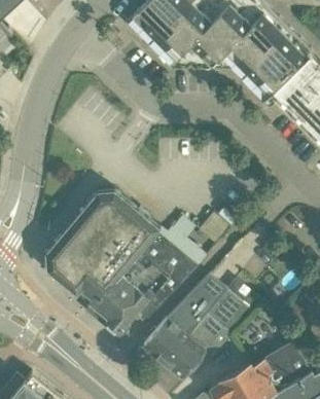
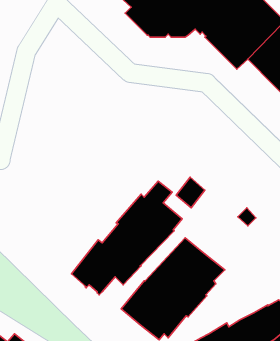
building: [45,189,163,312] -> none

